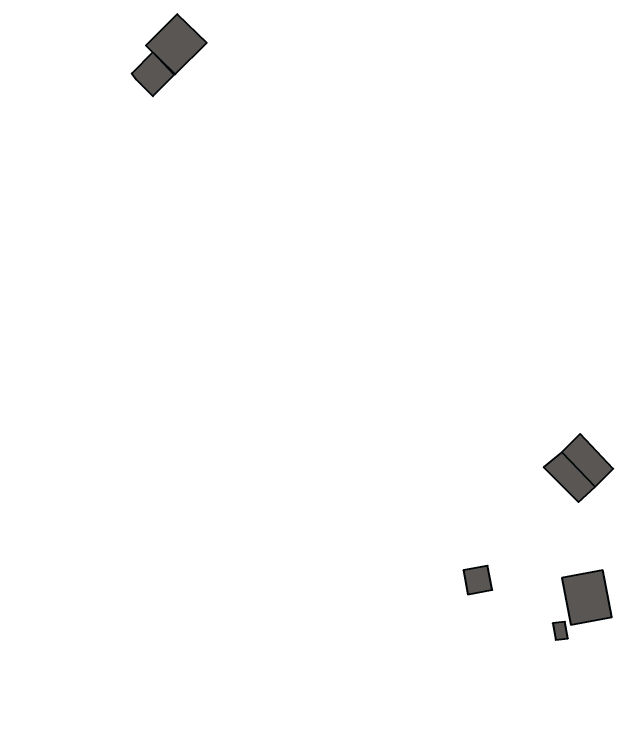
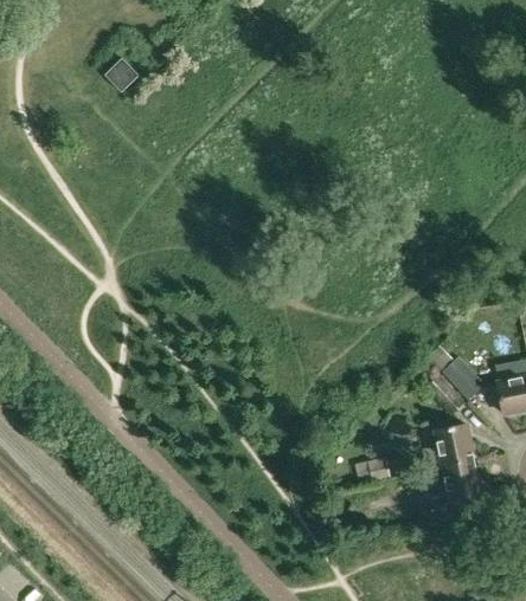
building: [146,14,207,74] -> none
building: none -> [435,425,474,466]

